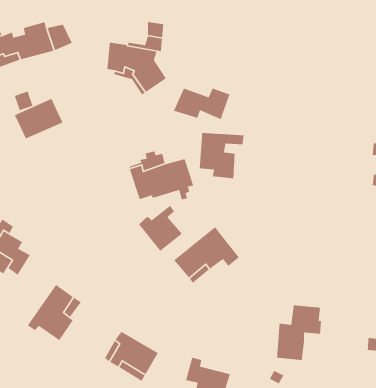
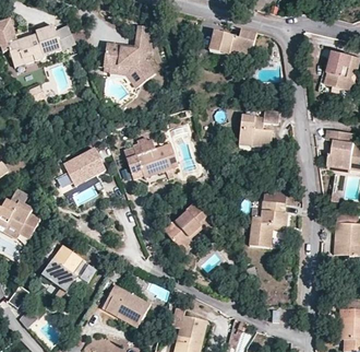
building: [173,88,230,120] -> [207,30,255,57]
building: [14,98,63,140] -> [62,150,104,185]
building: [199,132,245,179] -> [242,106,280,145]
building: [138,205,183,252] -> none
building: [276,305,322,361] -> [247,199,285,246]

